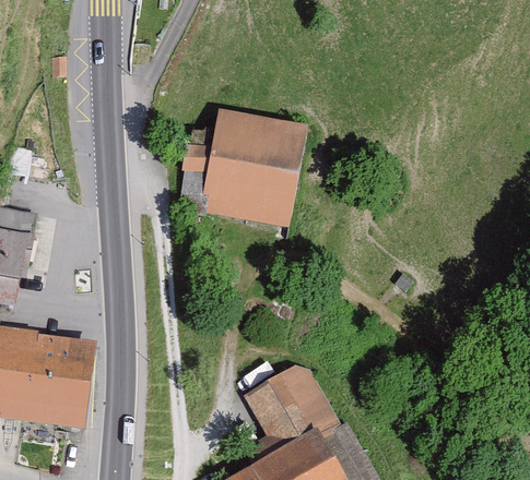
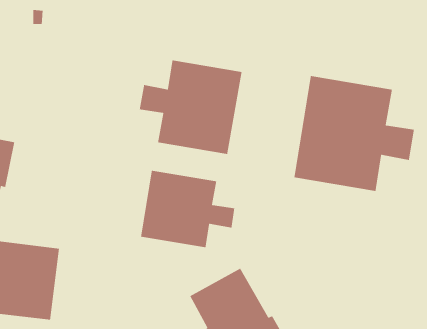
building: none -> [293,75,415,192]
building: none -> [140,170,235,248]

